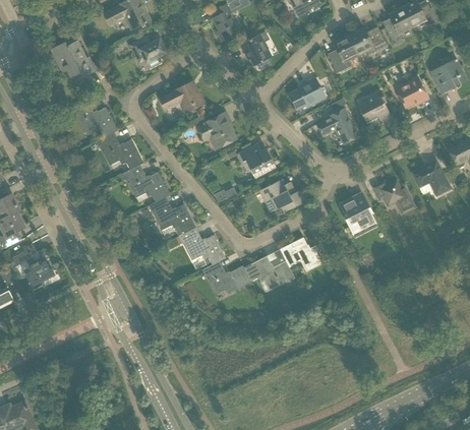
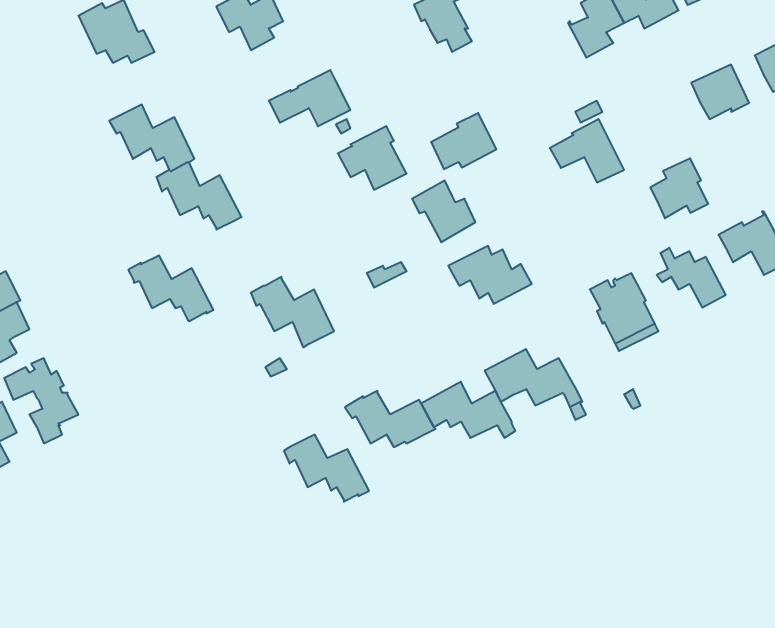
building: [288,77,325,109] -> [431,113,496,169]
building: [357,89,390,123] -> [650,158,708,218]
building: [121,165,169,201] -> [128,255,213,321]
building: [177,227,225,264] -> [284,435,369,502]

